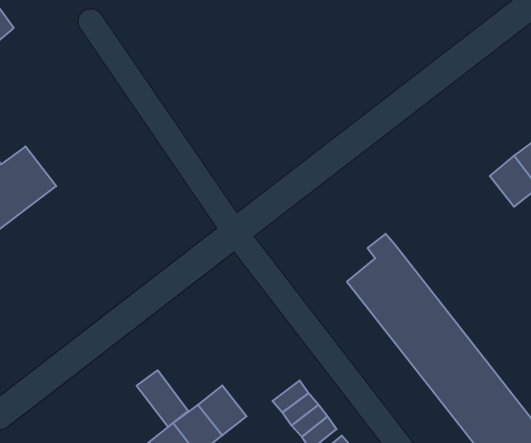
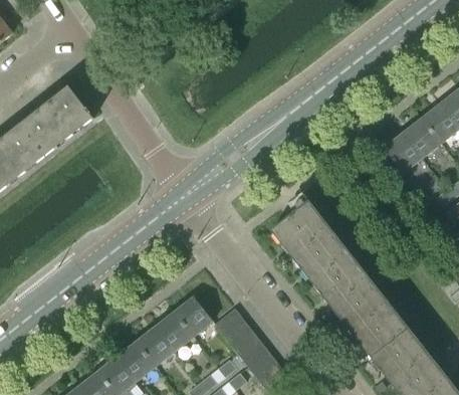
building: none -> [21,86,93,156]
building: none -> [175,297,213,336]
building: [137,370,188,427] -> none

